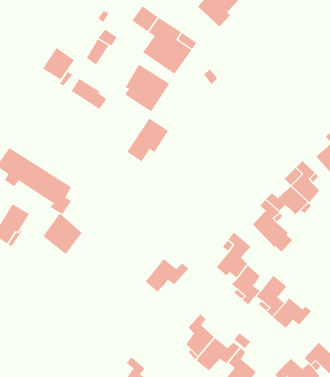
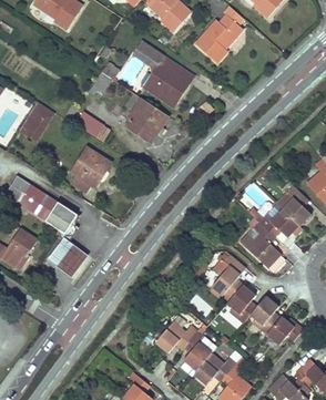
building: [42,47,75,80] -> [18,110,49,141]
building: [127,118,169,162] -> [70,150,110,192]
building: [145,258,189,292] -> [155,322,197,355]

